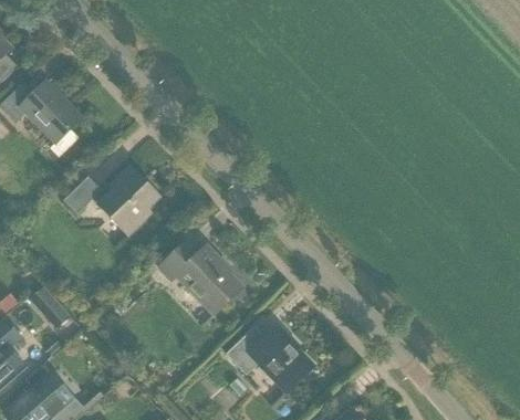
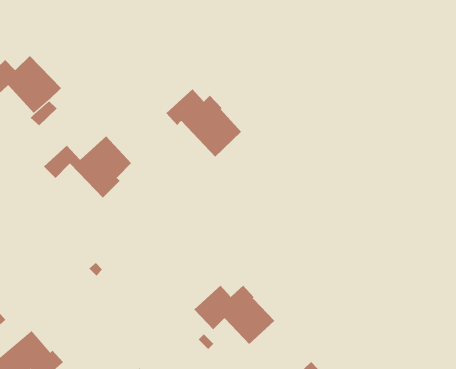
building: [160,240,242,314] -> [166,89,242,158]
building: [30,286,71,328] -> none

